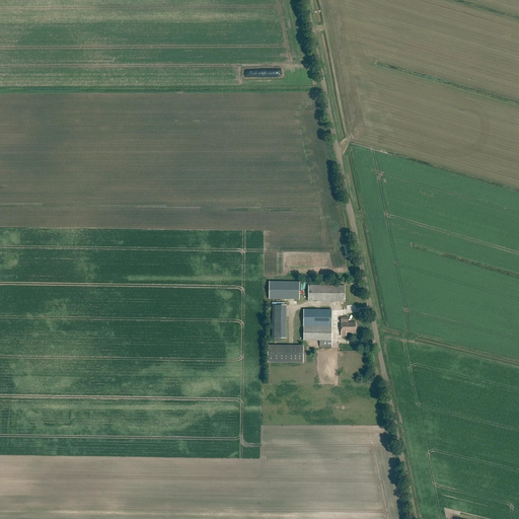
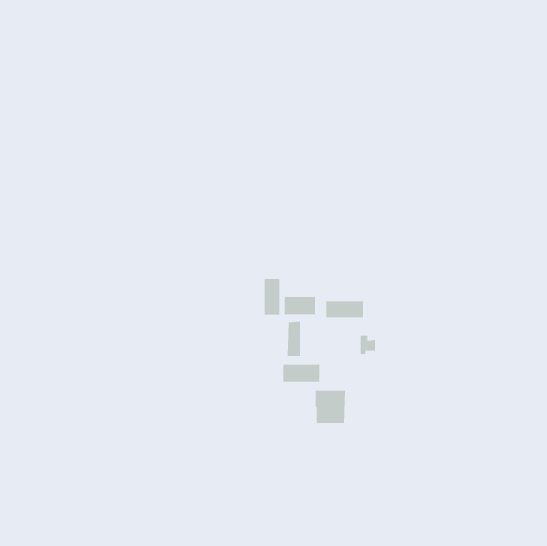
building: none -> [264,278,280,316]
building: [303,309,332,341] -> [315,390,346,423]

